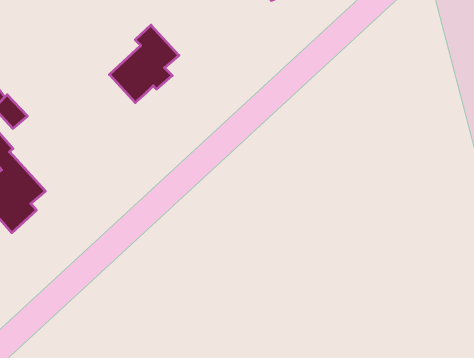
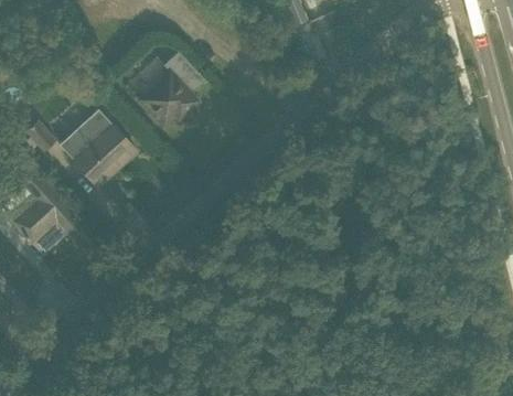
building: none -> [57,108,133,185]

